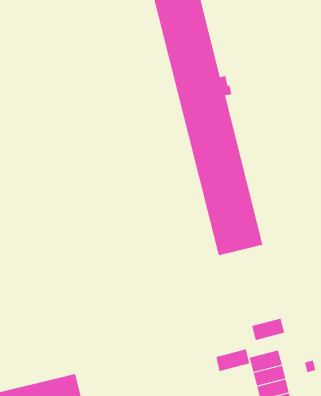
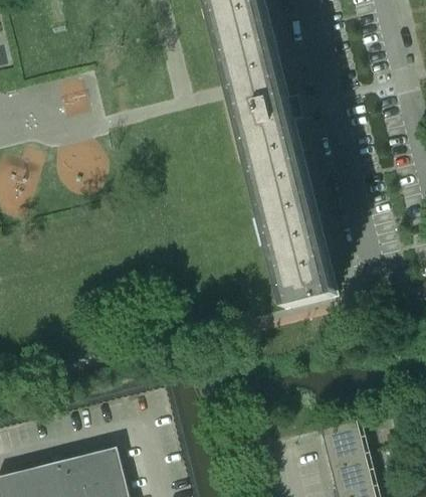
building: [251,318,285,341] -> none
building: [216,349,250,372] -> none

